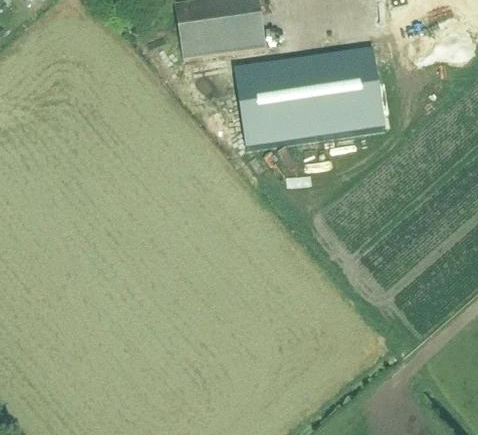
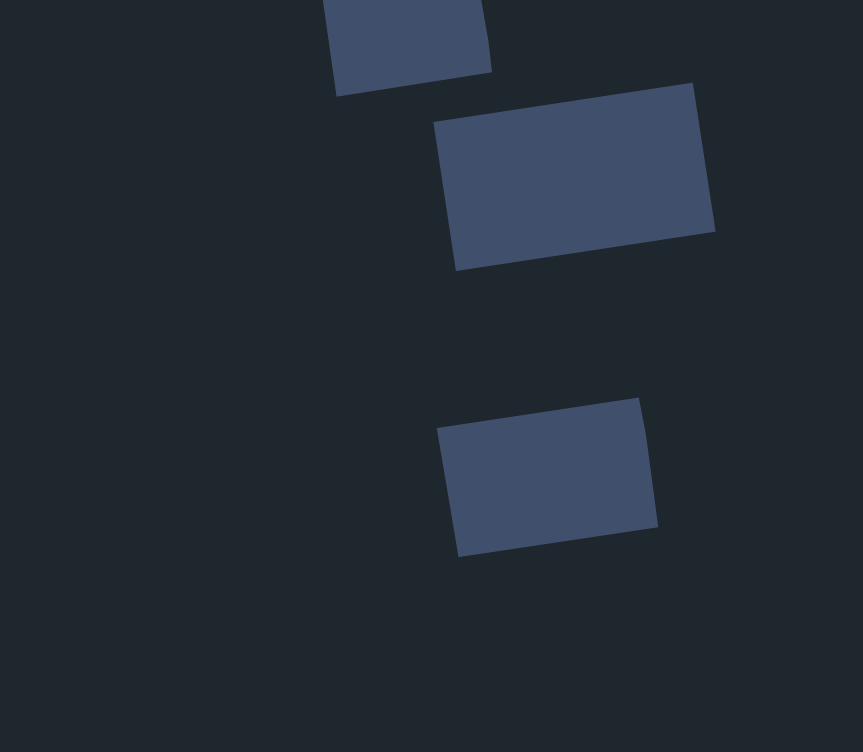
building: none -> [436,397,659,558]

